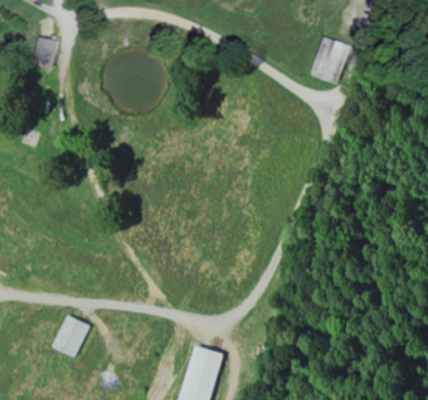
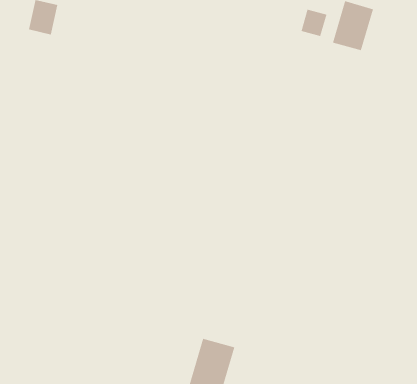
building: none -> [301,9,327,37]
building: [51,315,88,358] -> none

